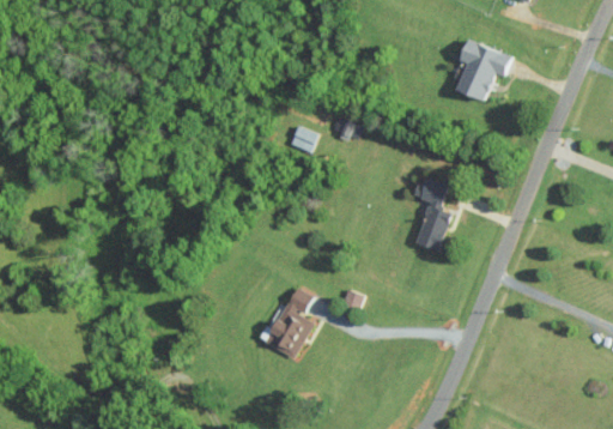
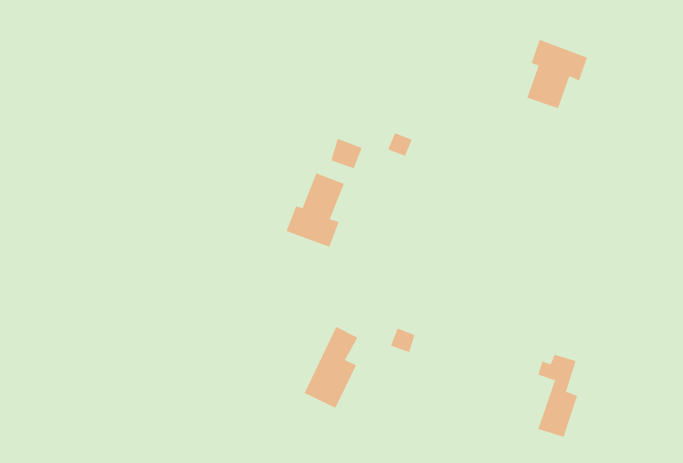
building: none -> [286,172,344,248]
building: [414,179,449,250] -> [538,354,578,438]

